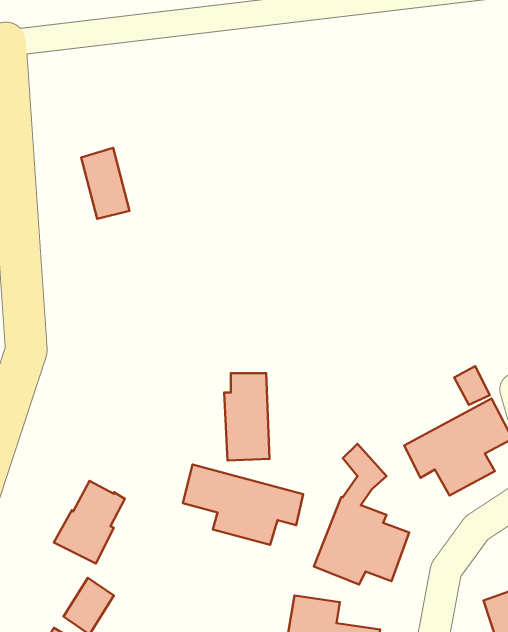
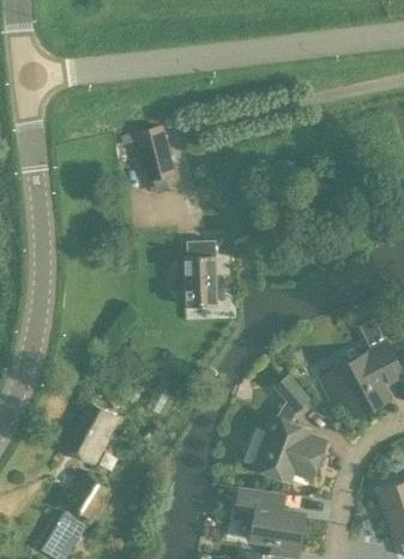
building: [81,148,129,219] -> [138,126,174,179]
building: [224,373,269,461] -> [183,241,217,306]
building: [183,465,303,545] -> none

